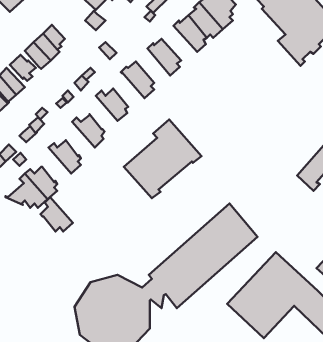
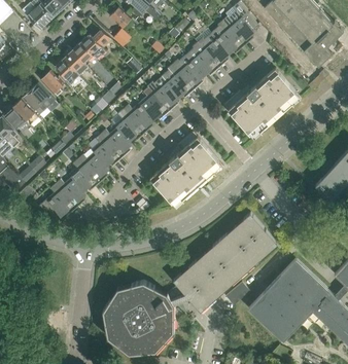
building: none -> [80,31,111,60]
building: none -> [185,43,219,76]
building: none -> [161,65,194,99]
building: none -> [223,69,301,140]
building: none -> [139,87,169,120]
building: none -> [110,110,143,142]
building: none -> [91,135,121,168]
building: [40,197,73,231] -> [68,159,99,192]

